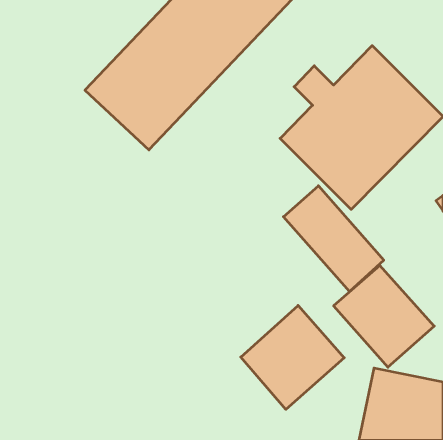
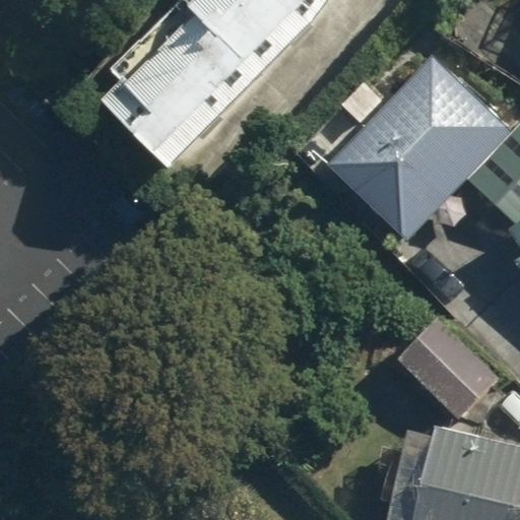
building: [283,186,384,291] -> none
building: [241,305,344,409] -> none

